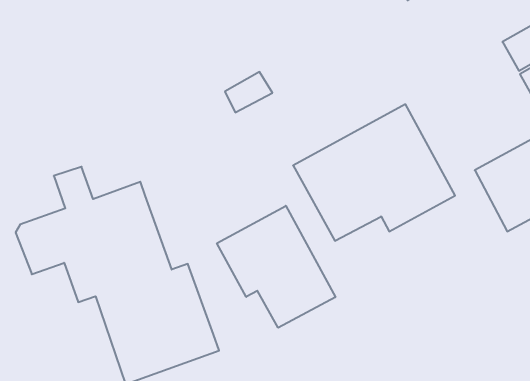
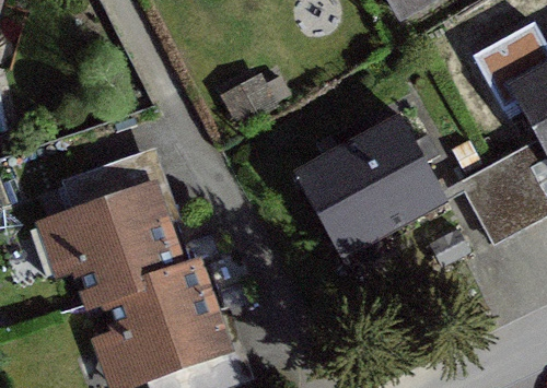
building: [217,206,335,328] -> none

